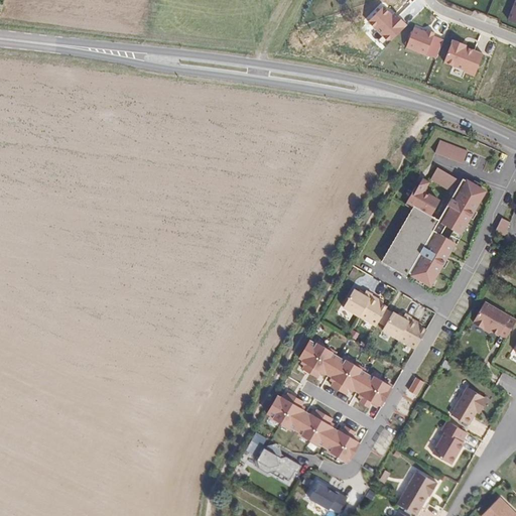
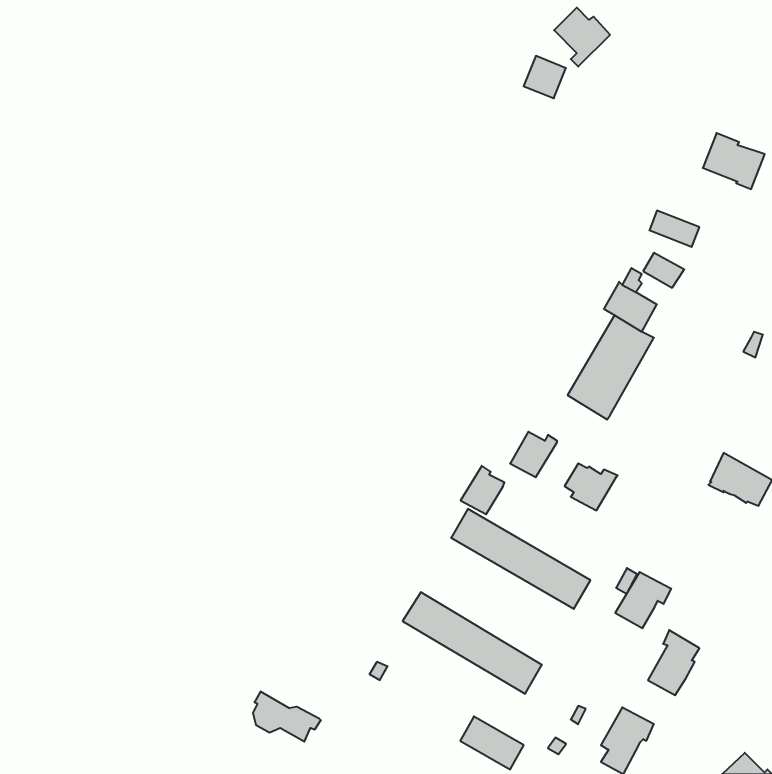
building: [406,26,434,54] -> [524,56,566,98]
building: [442,38,484,76] -> [703,133,765,189]
building: [406,179,483,288] -> none
building: [357,294,386,327] -> [461,466,504,514]
building: [397,317,426,350] -> none
building: [449,386,487,423] -> [615,572,671,628]
building: [257,446,302,480] -> [253,692,321,742]

